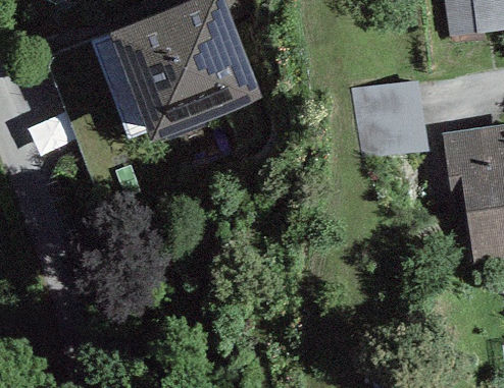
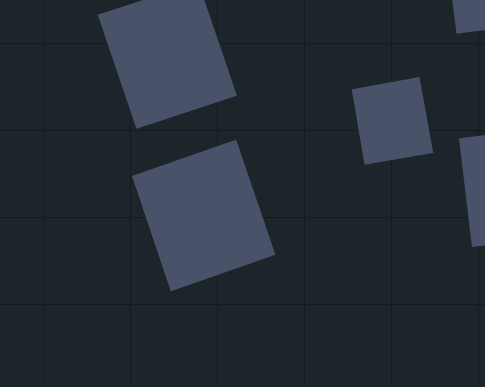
building: none -> [131,139,276,292]

